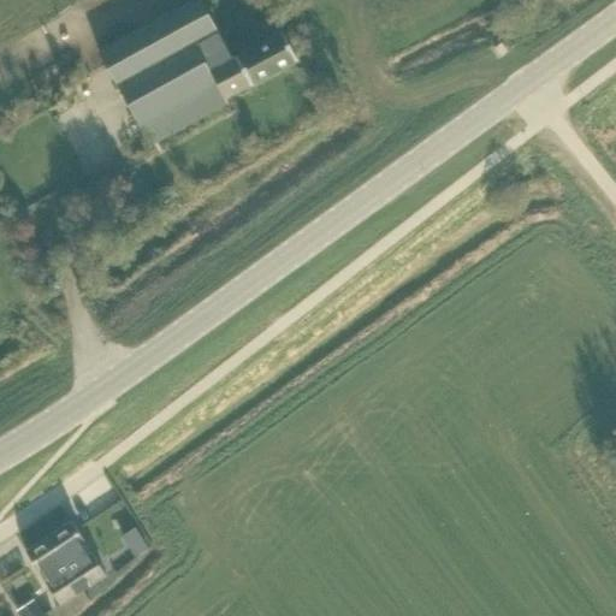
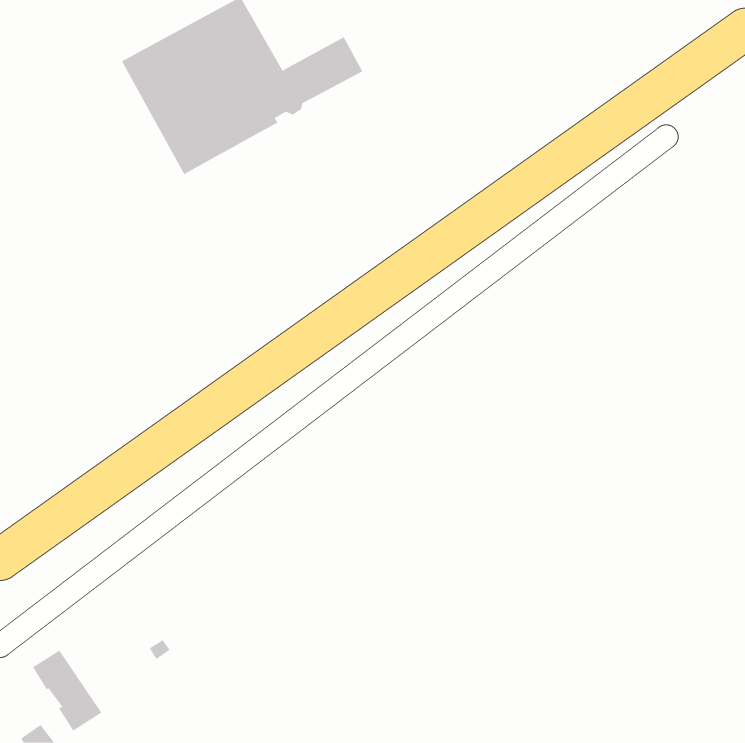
building: [49,521,106,588] -> none

